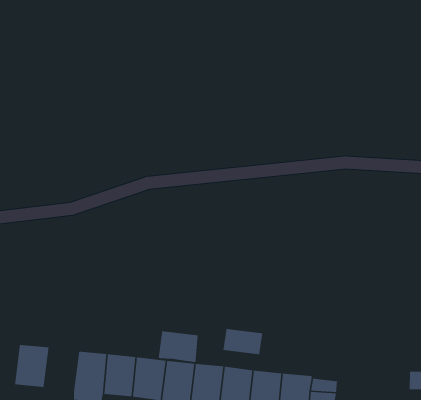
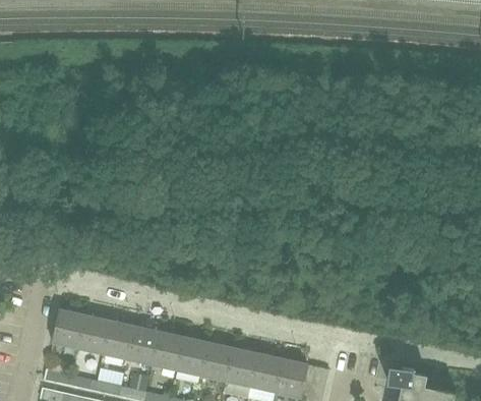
building: [222,328,263,355] -> none
building: [158,330,199,363] -> none
building: none -> [76,313,109,354]

